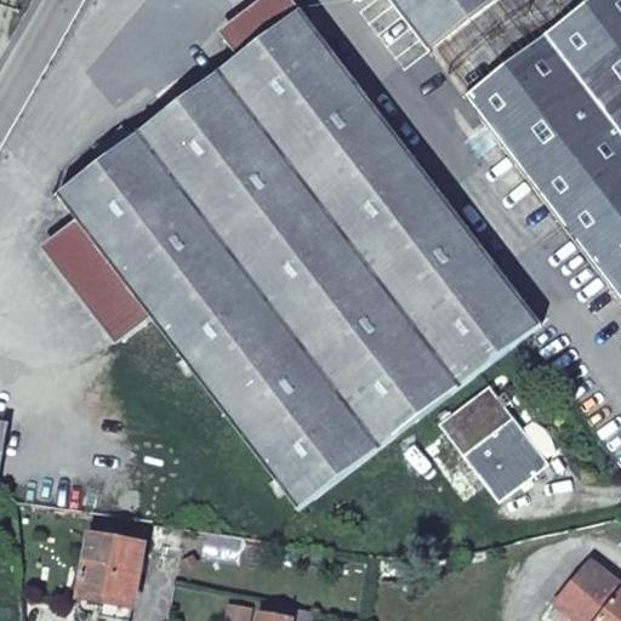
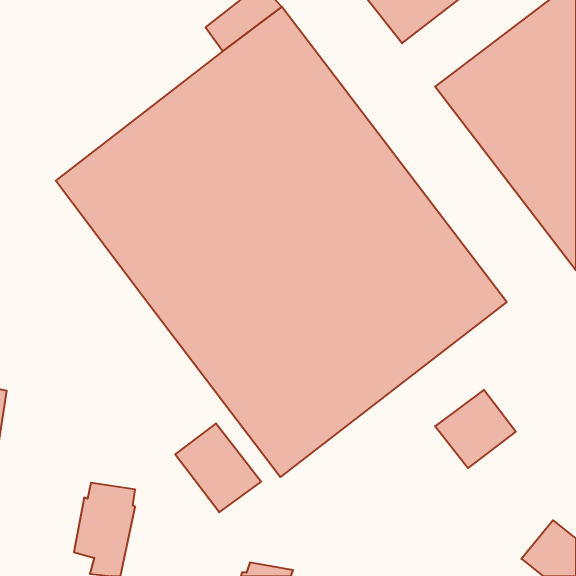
building: [42,218,153,342] -> none
building: [439,383,517,455] -> none
building: none -> [175,423,261,512]

